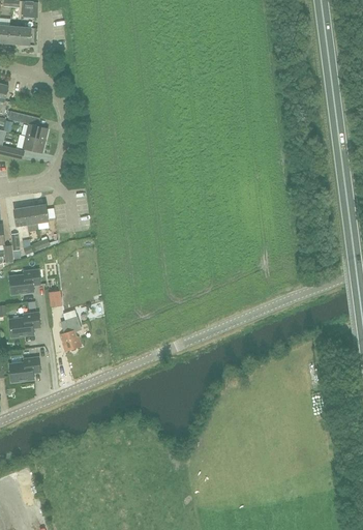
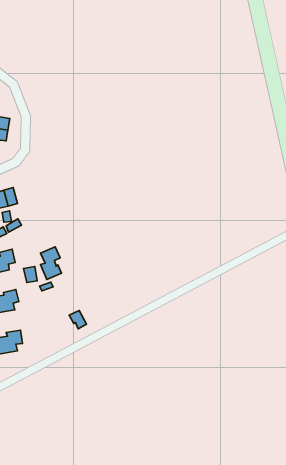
building: [59,316,81,350] -> [40,247,62,279]

